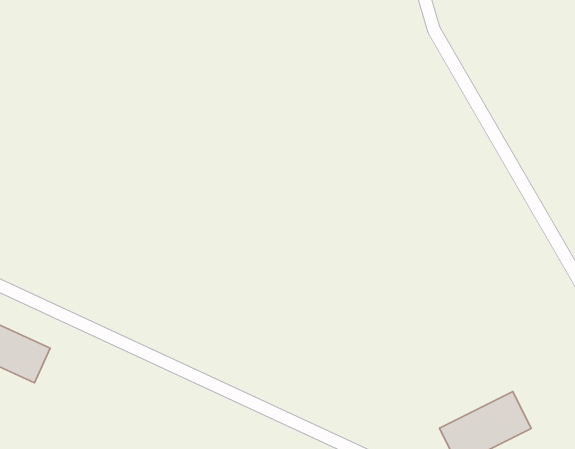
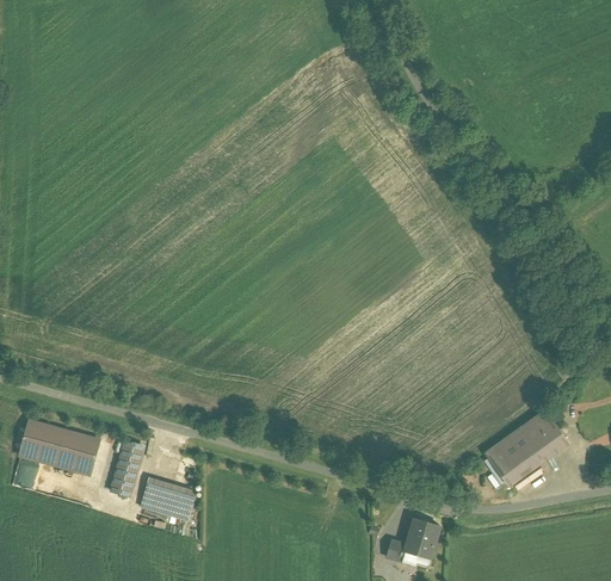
building: none -> [109,439,143,495]
building: none -> [140,478,192,518]

